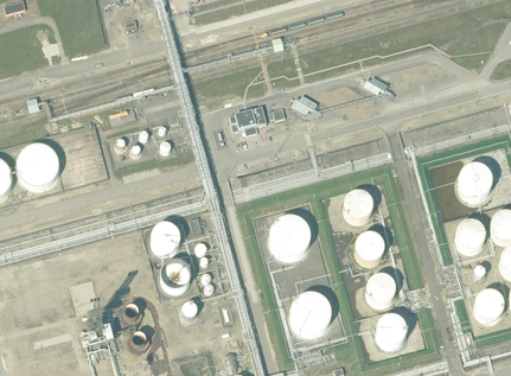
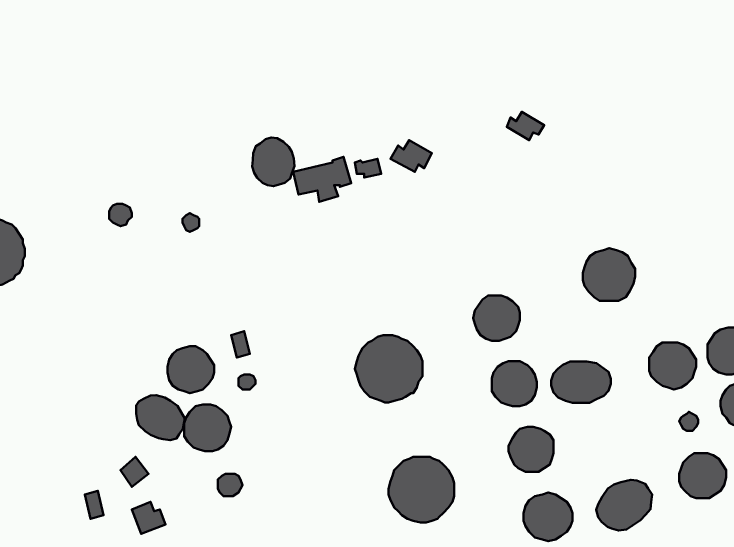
building: none -> [252,137,295,186]
building: [458,164,491,197] -> [583,248,635,301]
building: none -> [551,362,611,403]
building: none -> [136,395,185,440]
building: none -> [596,480,652,530]

